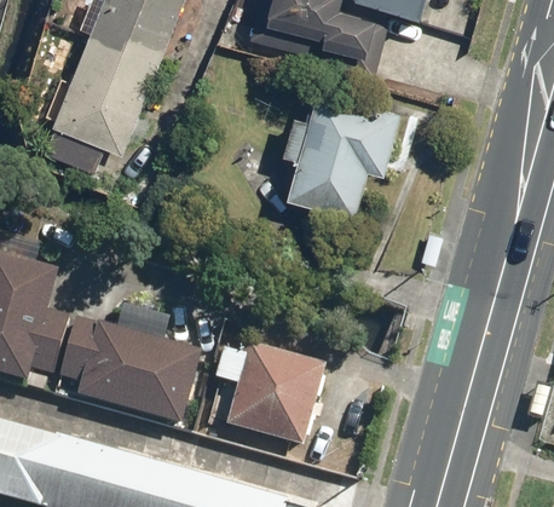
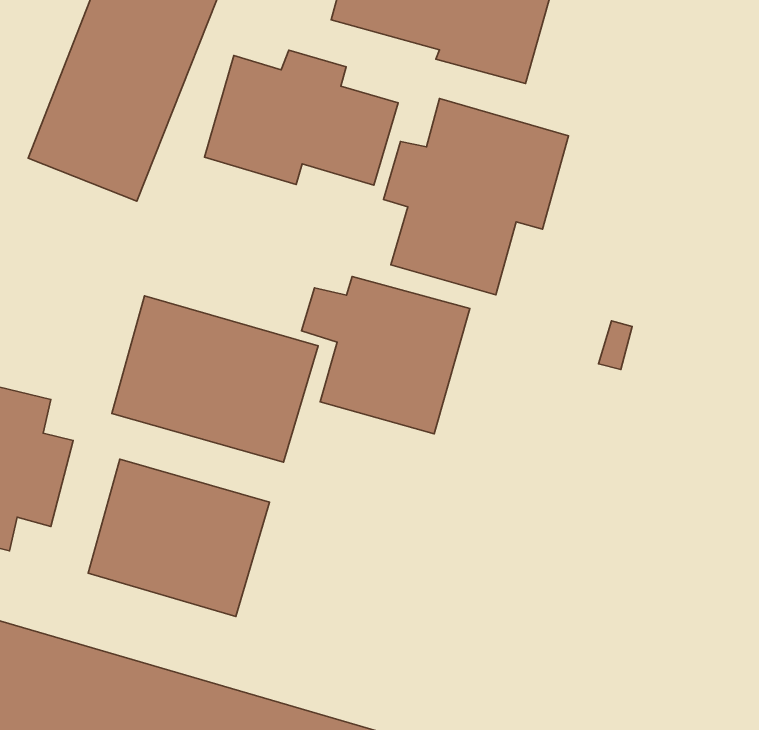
building: none -> [204,50,398,185]
building: none -> [112,296,318,462]
building: [217,341,325,443] -> [302,277,470,434]

